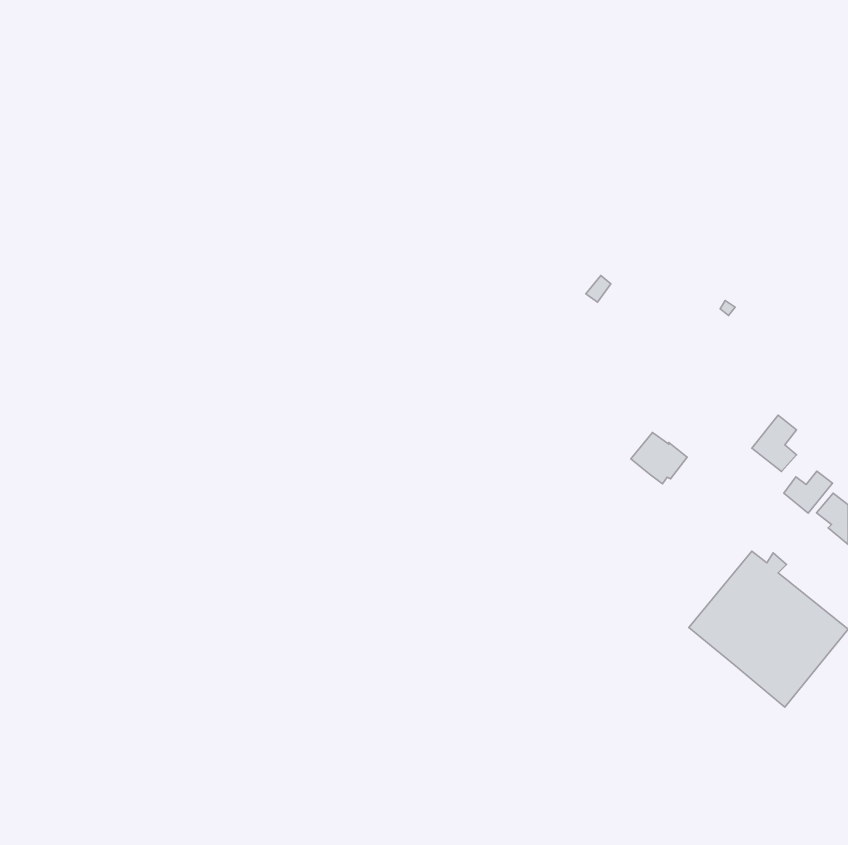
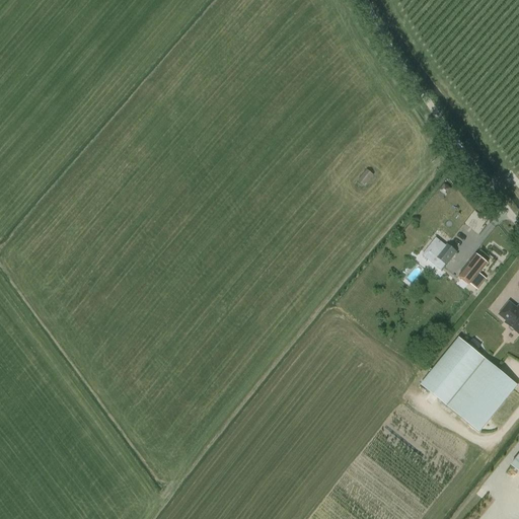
building: [631,432,687,484] -> [423,236,457,268]
building: [784,471,832,513] -> none

